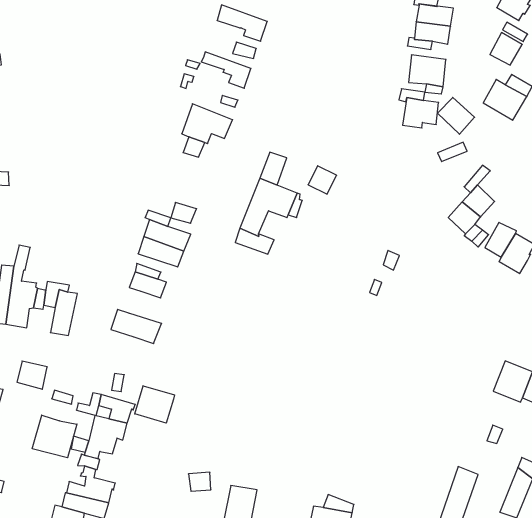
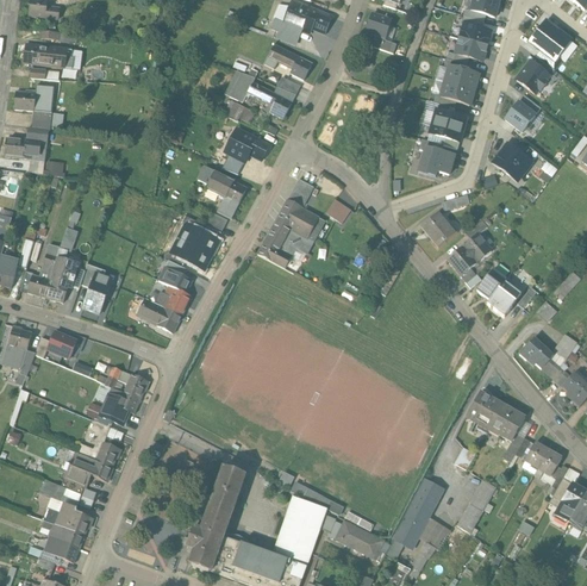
building: [437,97,475,134] -> [421,212,454,245]
building: none -> [198,164,246,217]
building: none -> [155,283,192,314]
building: [135,386,175,423] -> none
building: [32,415,77,458] -> none

